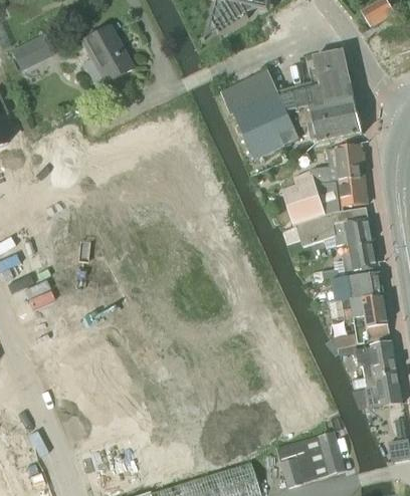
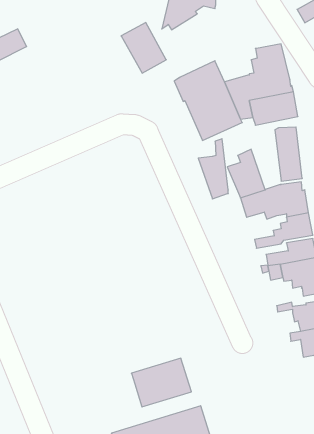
building: [80,25,132,82] -> [121,23,166,73]
building: [309,148,343,216] -> [198,139,228,199]
building: [275,431,344,486] -> [131,358,191,407]

